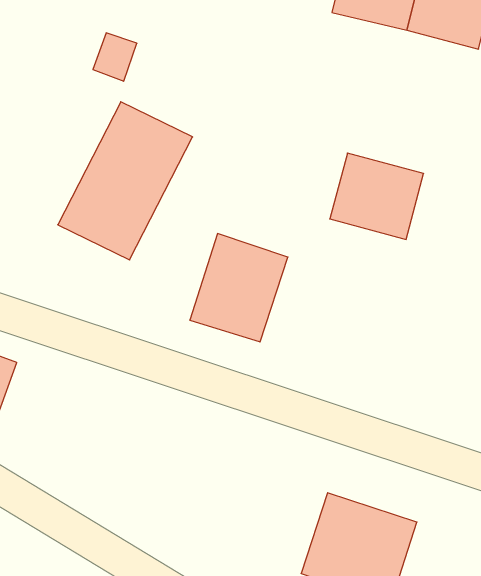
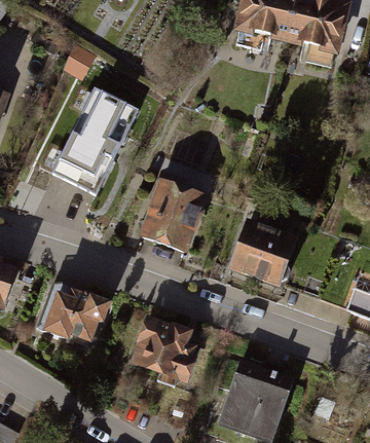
building: [330,153,424,239] -> [226,226,292,287]
building: none -> [40,285,110,345]
building: none -> [132,319,194,377]

